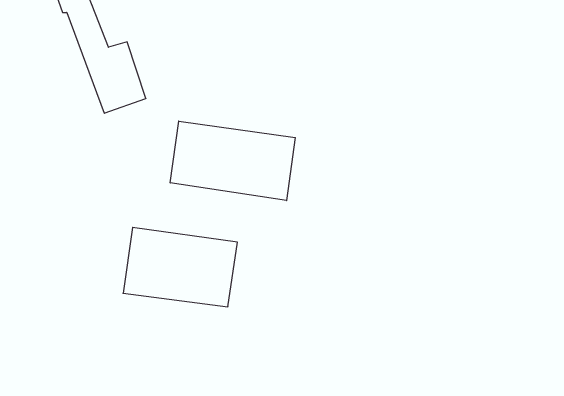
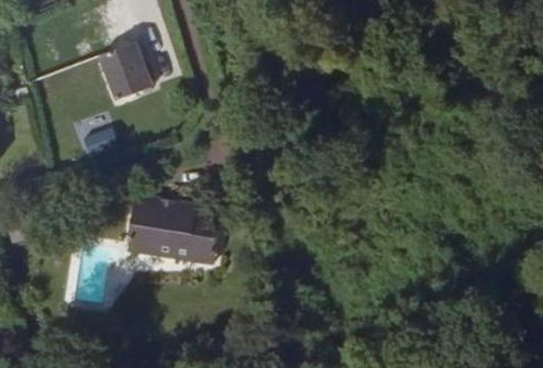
building: [170,121,295,201] -> none

